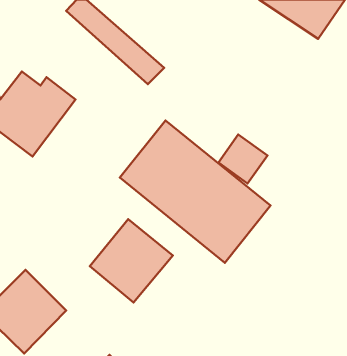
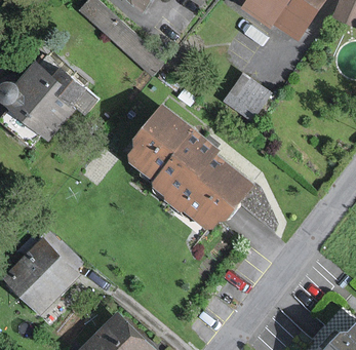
building: [218,134,267,183] -> [225,75,268,118]
building: [90,219,173,303] -> none

